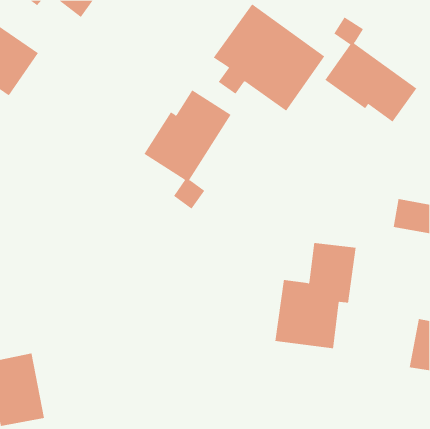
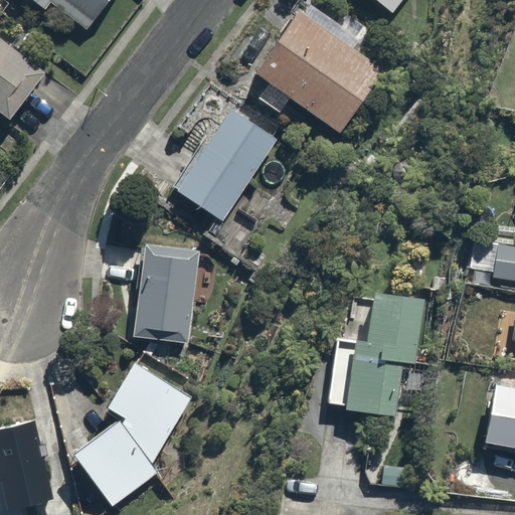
building: [324,16,417,122] -> none
building: none -> [136,243,196,343]
building: none -> [74,360,193,505]

